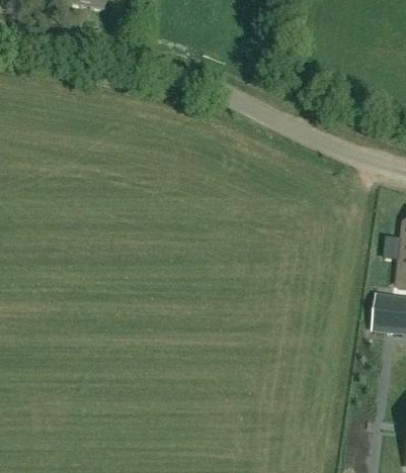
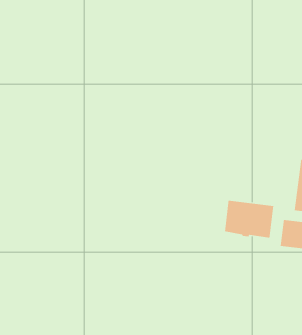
building: none -> [224,200,274,238]

